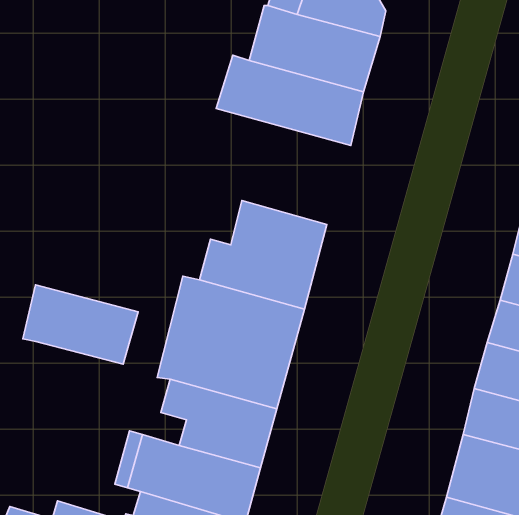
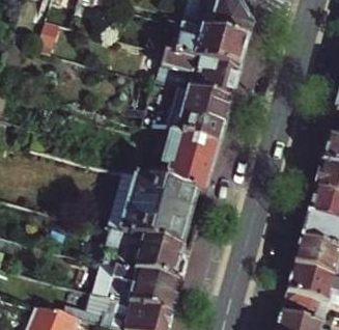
building: none -> [141,81,230,146]
building: [23,285,138,364] -> none

